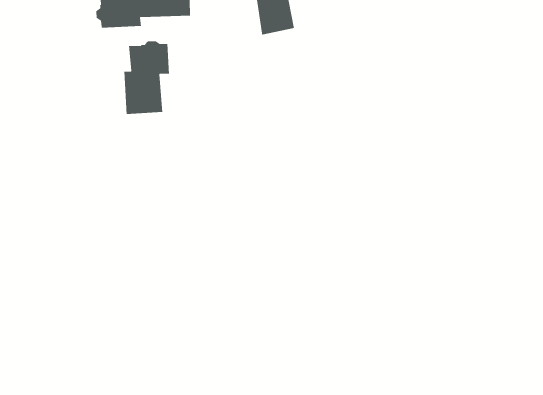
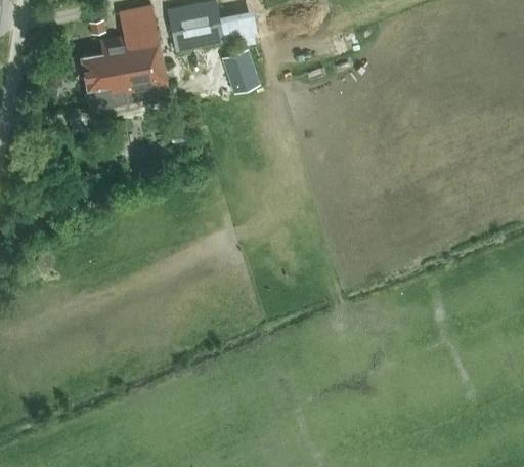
building: [124,40,170,115] -> none

